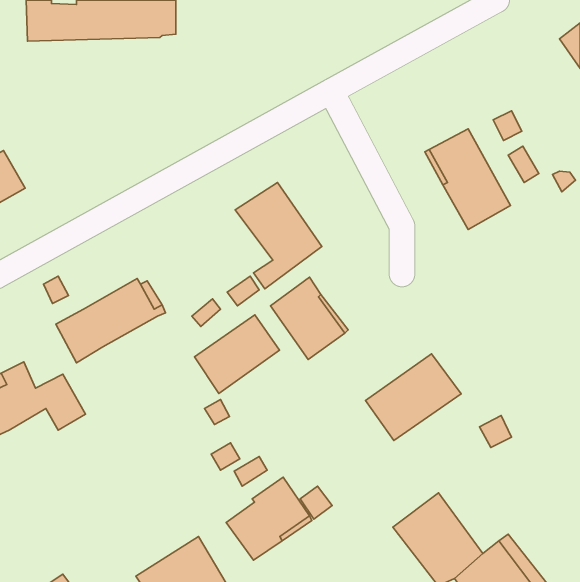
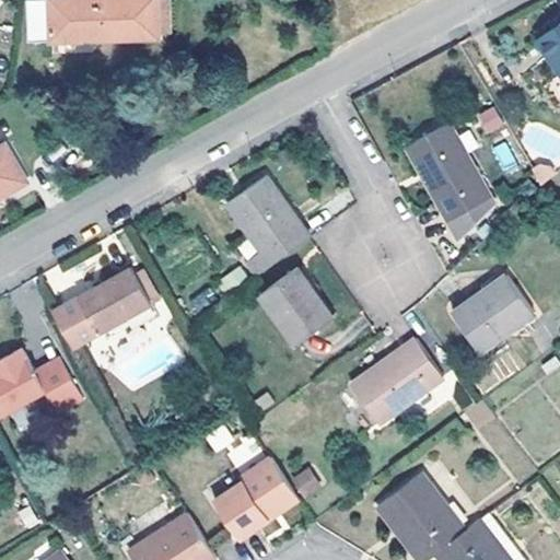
building: none -> [452,276,534,351]
building: [195,315,279,393] -> none

